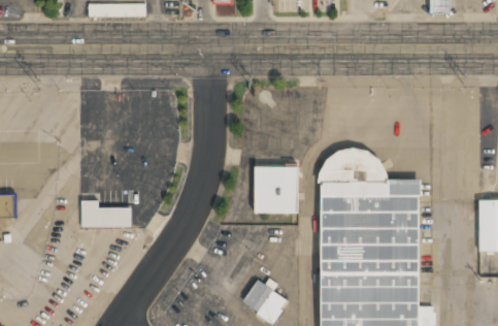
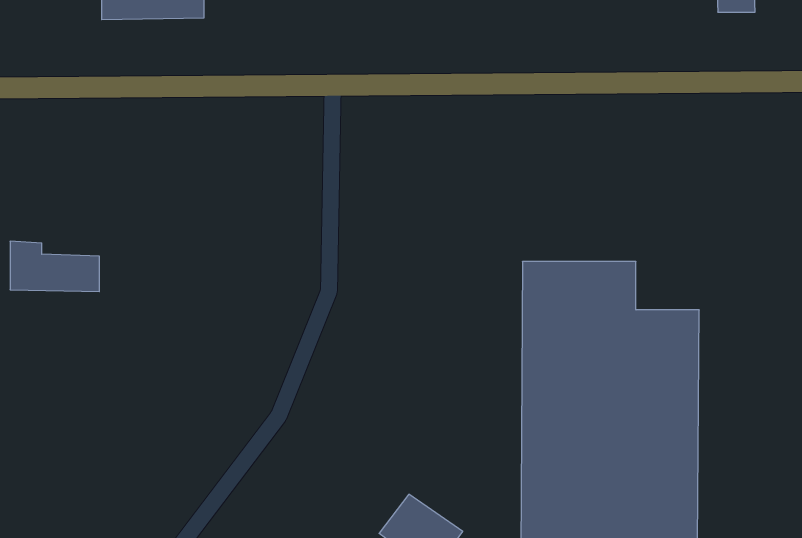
building: [254,167,298,215] -> none
building: [80,200,130,228] -> [10,241,99,292]

